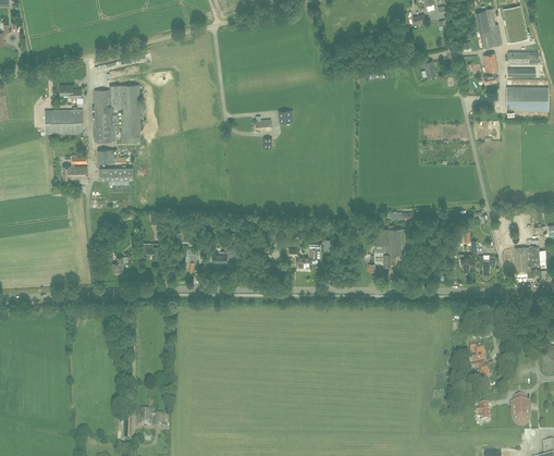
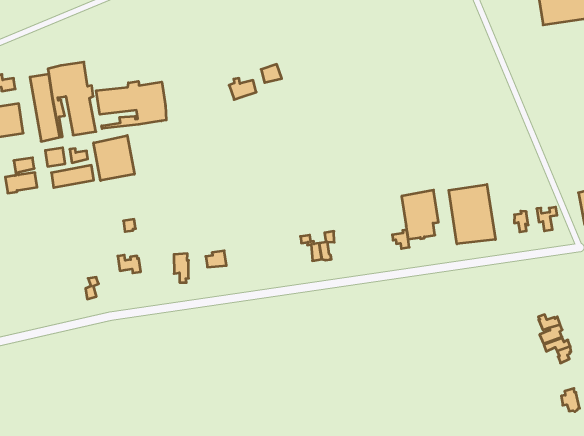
building: none -> [96,81,166,129]
building: none -> [94,135,134,181]
building: none -> [449,184,495,244]

